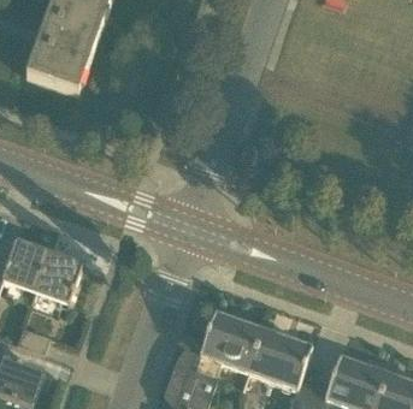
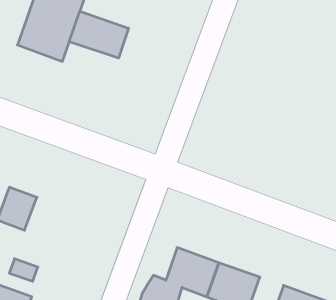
building: none -> [69,11,128,58]
building: [35,254,82,304] -> none

